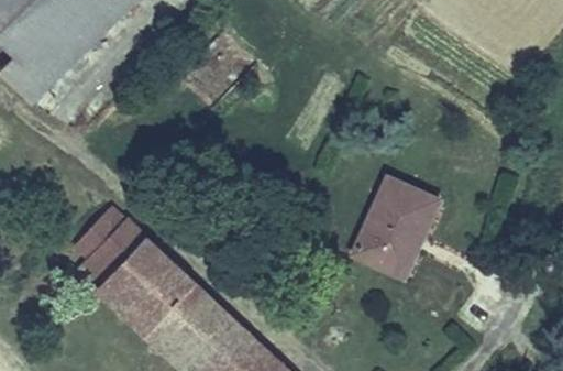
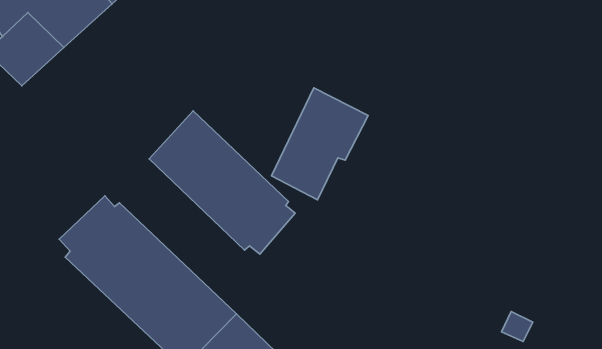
building: none -> [149,111,295,254]
building: [350,174,438,276] -> [272,88,368,200]

